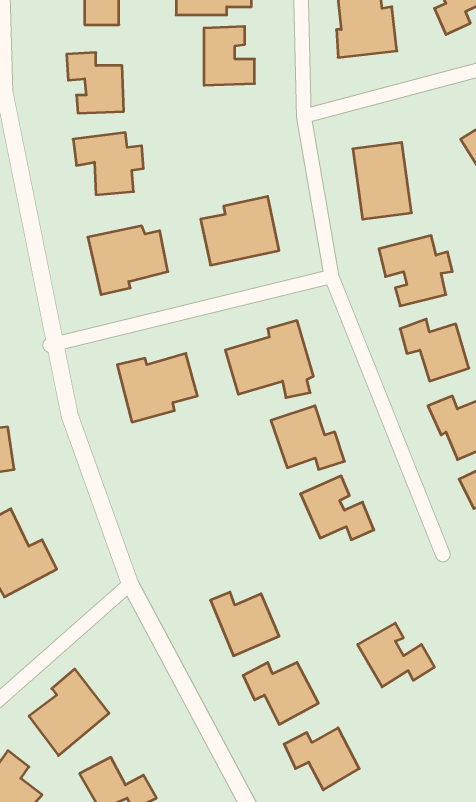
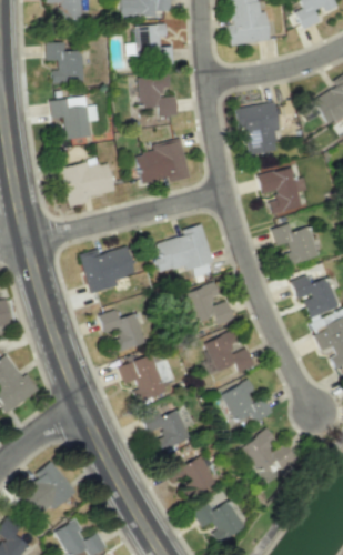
building: none -> [139,74,178,117]
building: none -> [99,311,145,352]
building: none -> [119,354,174,401]
building: none -> [216,381,272,425]

